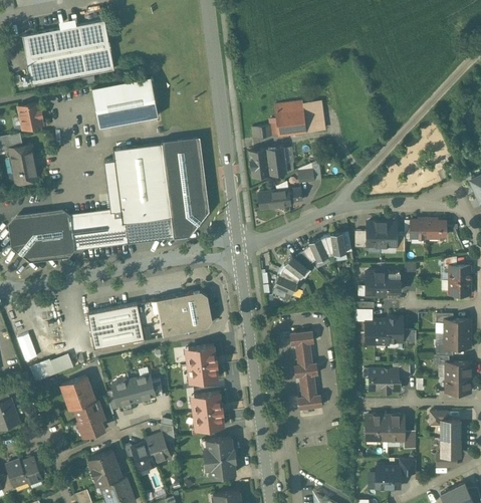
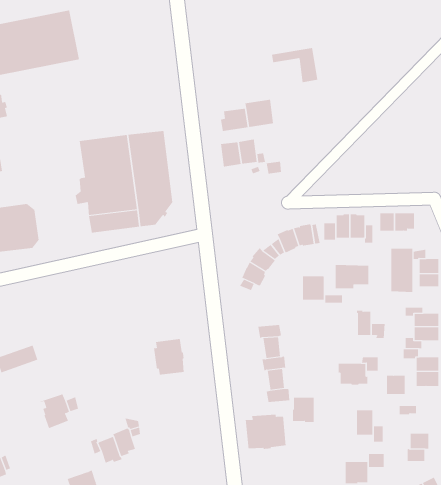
building: [91,77,158,128] -> none
building: [275,97,321,133] -> [271,47,318,83]
building: [259,189,301,209] -> none
building: [69,211,125,248] -> none
building: none -> [391,248,413,293]
building: [86,291,212,348] -> none
building: [366,320,388,344] -> [302,276,325,300]
building: [111,374,156,407] -> none
building: [61,376,94,410] -> none
building: [192,393,223,429] -> none
building: [365,416,387,441] -> [292,397,314,422]
building: [440,420,459,439] -> [386,375,405,395]
building: none -> [245,414,286,450]
building: [203,438,235,477] -> none
building: [87,451,122,486] -> none

